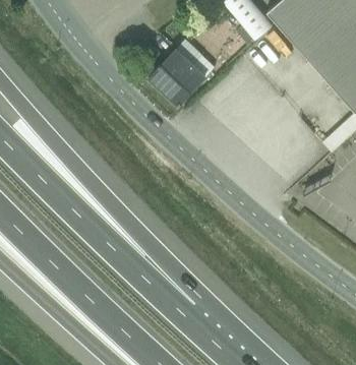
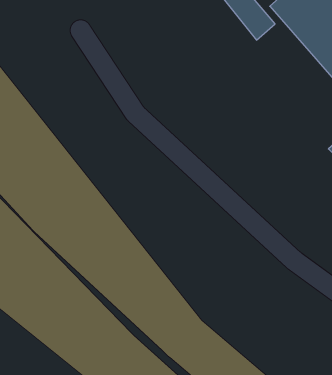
building: [147,49,205,107] -> none

